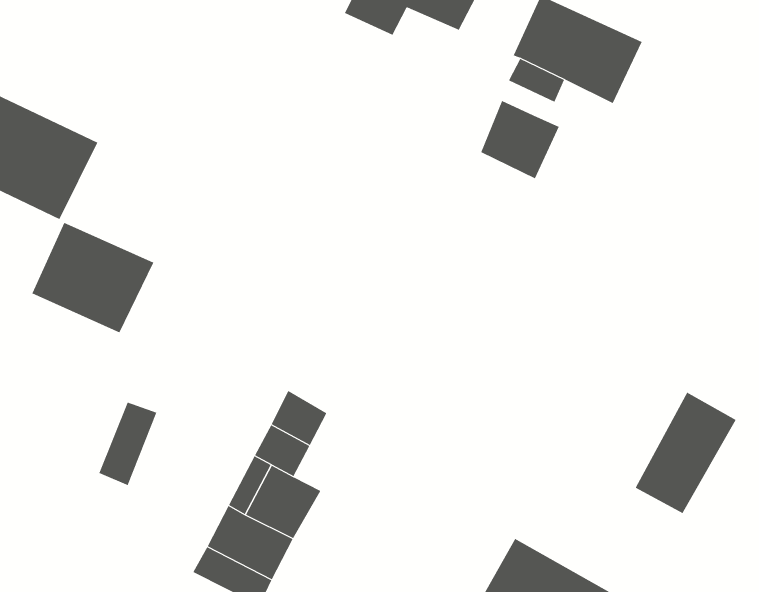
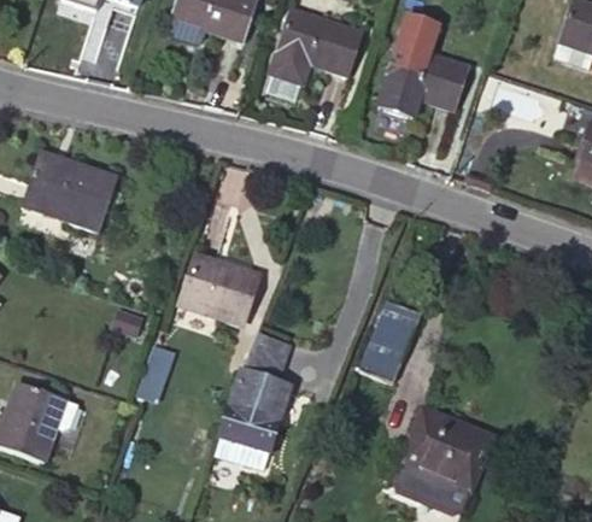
building: [480,100,559,179] -> none
building: [32,222,154,333] -> [180,256,258,324]
building: [635,392,736,514] -> [361,300,422,381]

